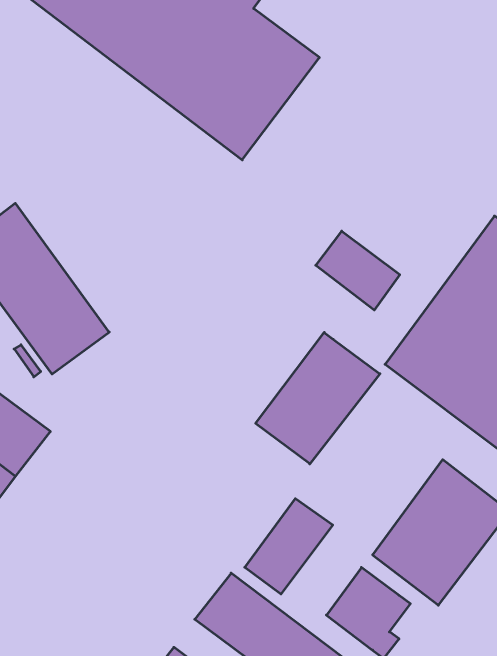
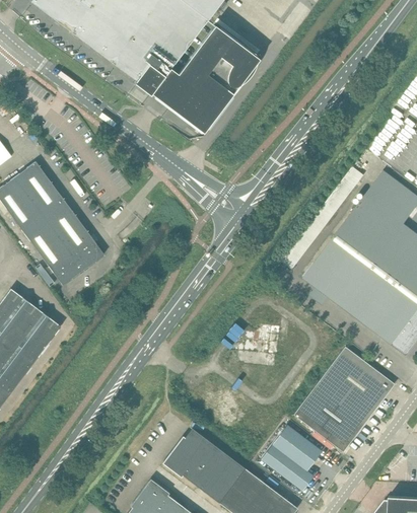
building: [316,231,400,310] -> none
building: [256,332,380,464] -> none
building: [245,499,333,594] -> none

